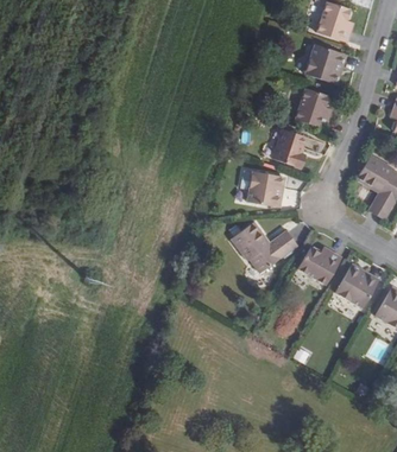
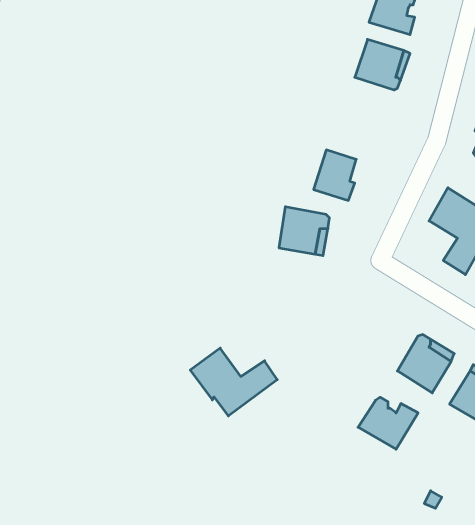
building: [291,85,327,127] -> none
building: [229,221,295,272] -> [190,348,277,416]
building: [296,244,341,284] -> [358,397,418,449]

